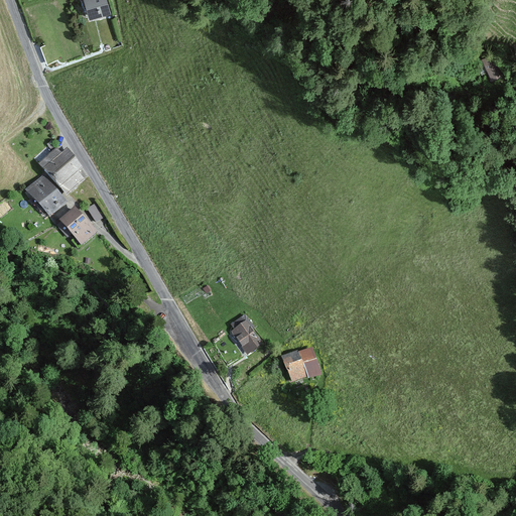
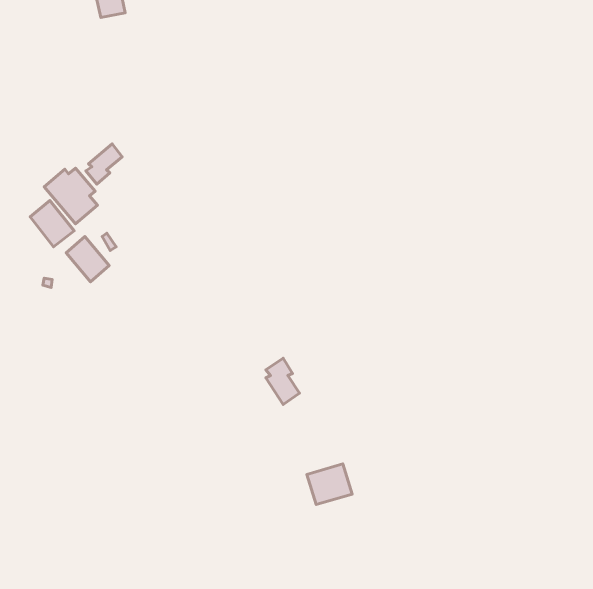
building: none -> [86,144,122,184]
building: [282,347,321,382] -> [307,464,352,504]

